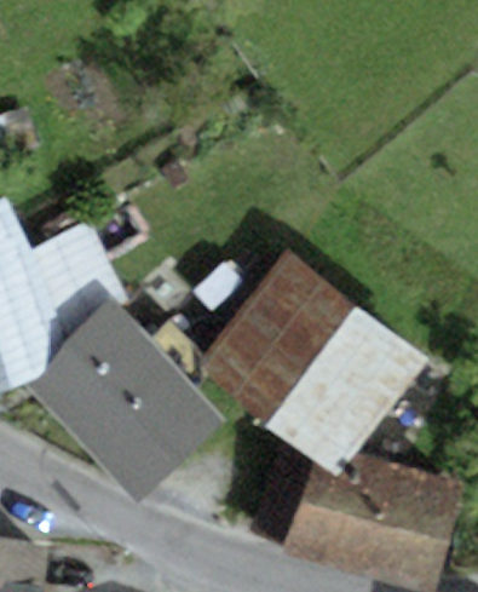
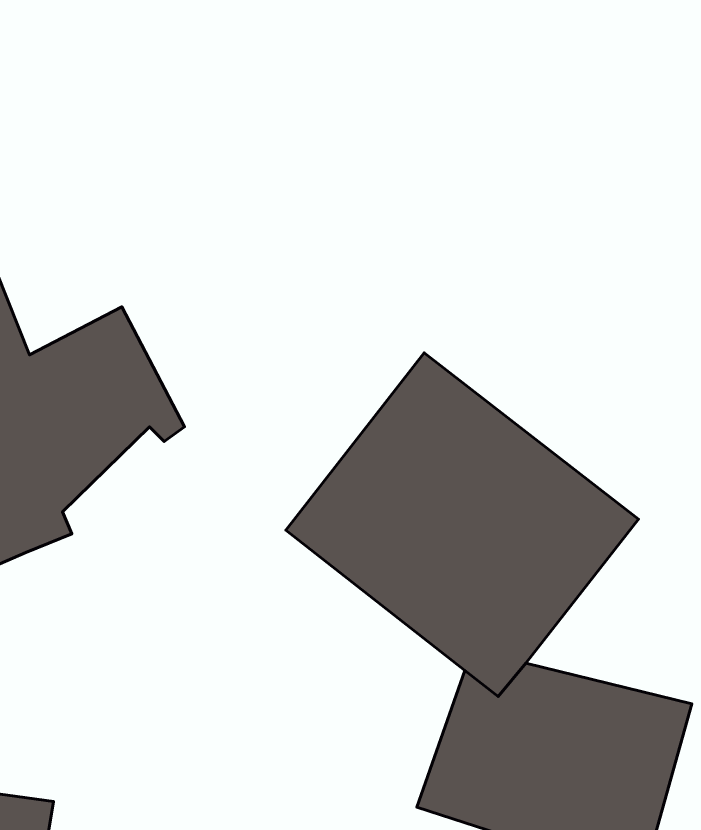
building: [24,298,224,502] -> none

